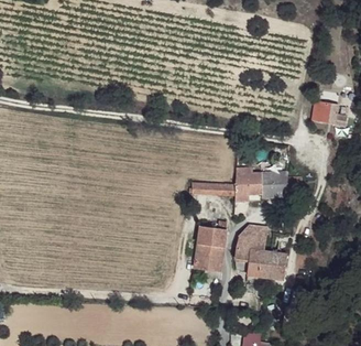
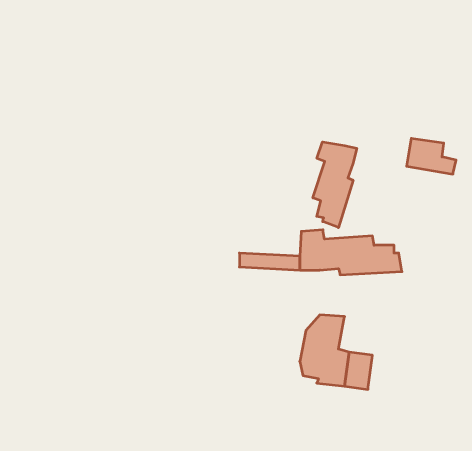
building: none -> [313,142,357,228]
building: [194,220,228,279] -> none

